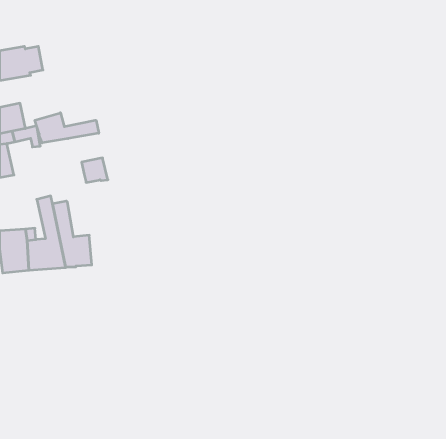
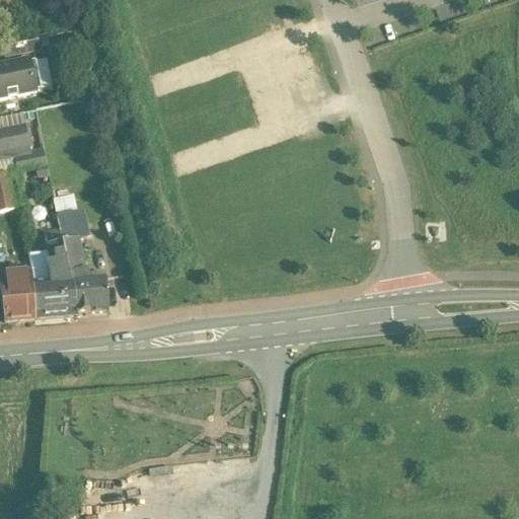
building: [35,113,99,143] -> none
building: [82,158,108,182] -> [56,208,86,236]

